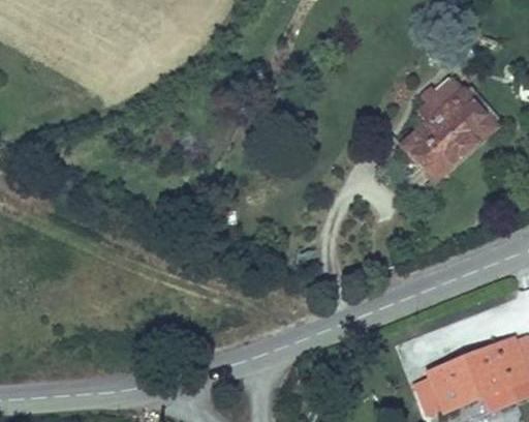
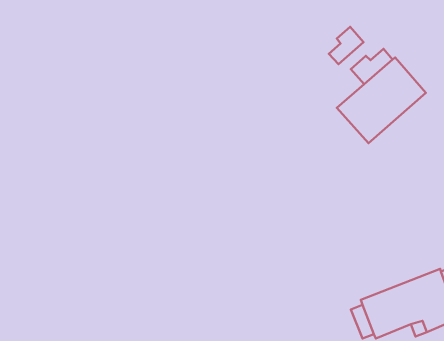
building: none -> [329,27,364,64]

